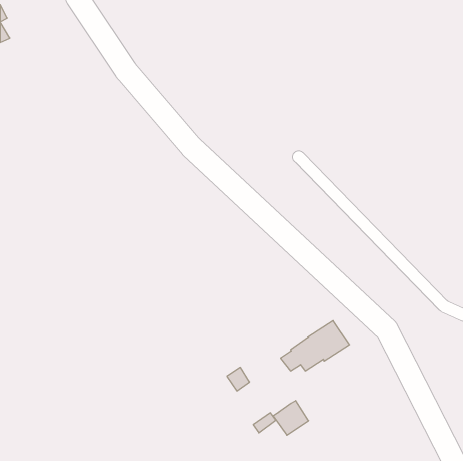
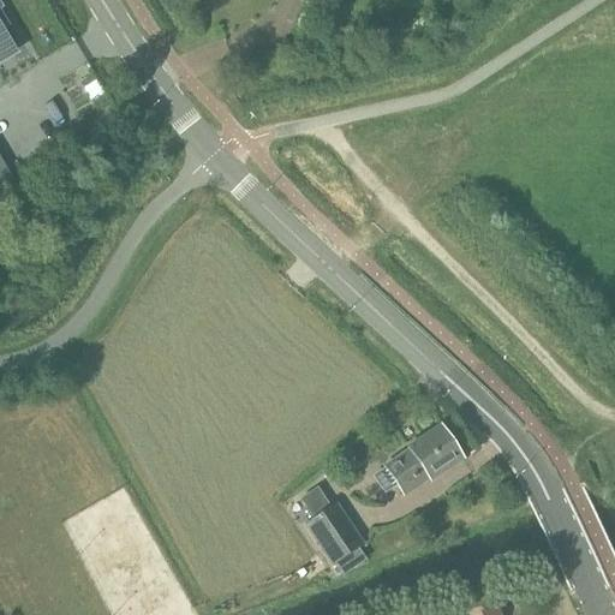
building: [273,401,309,435] -> [308,502,354,548]

